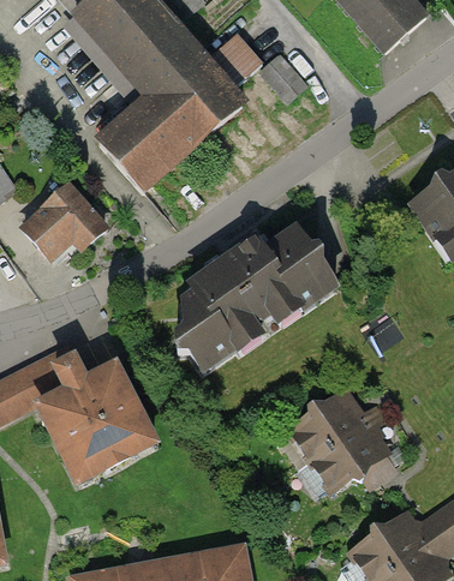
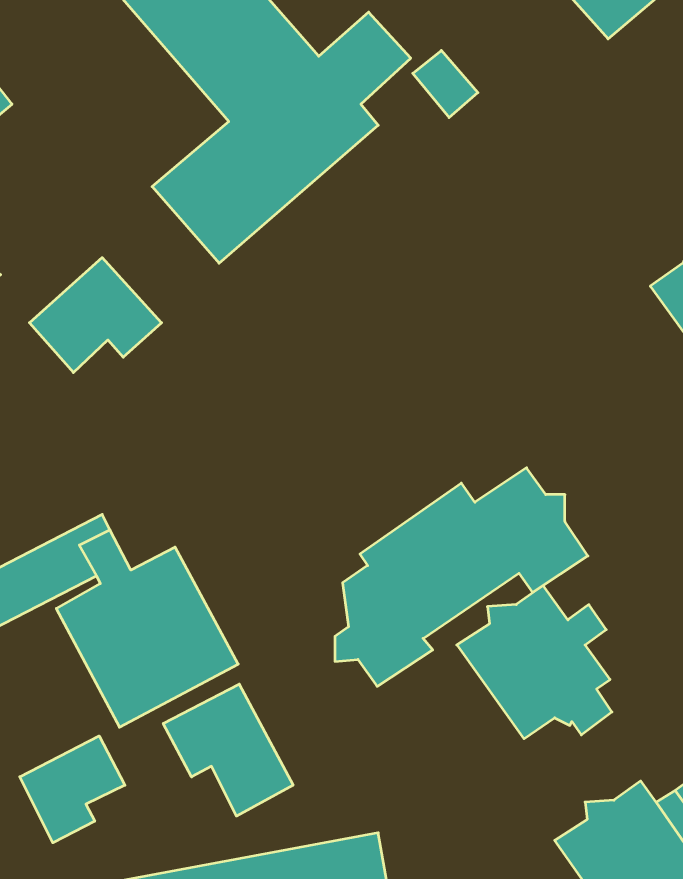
building: [177,230,335,367] -> [335,468,588,686]
building: none -> [163,684,293,816]
building: none -> [20,736,125,843]

